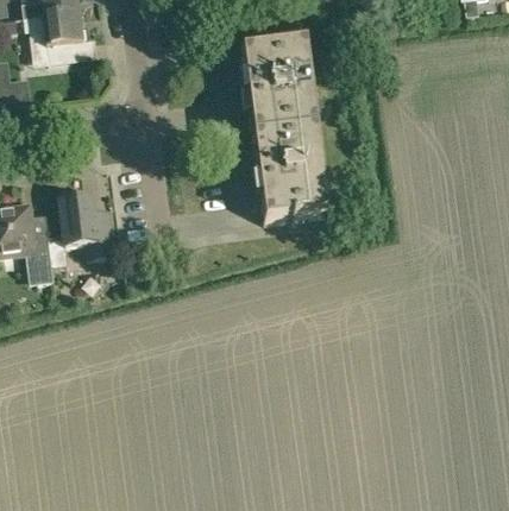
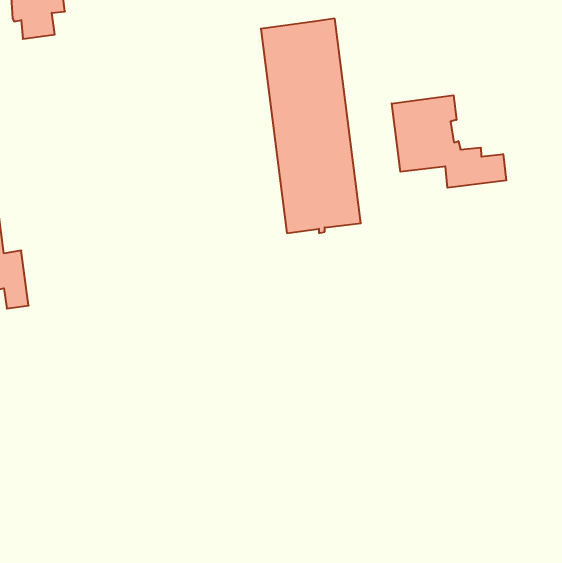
building: none -> [392,95,506,188]
building: [58,193,114,256] -> none

